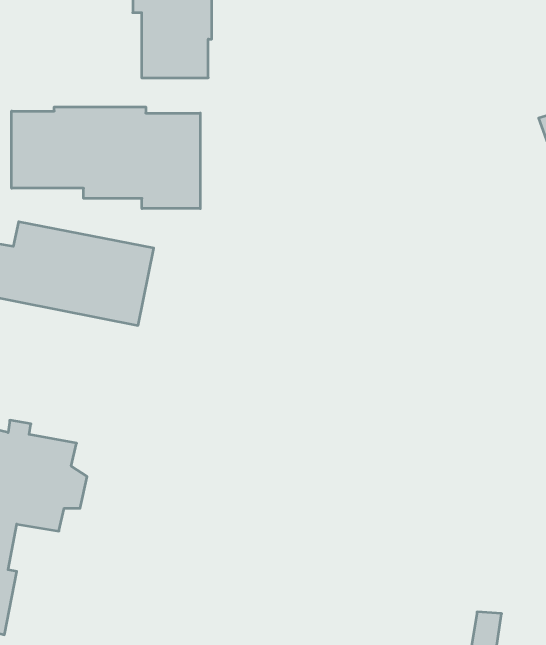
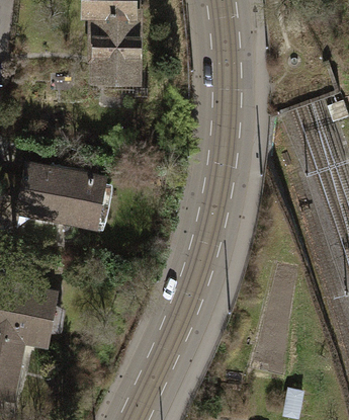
building: [12,107,200,209] -> none

